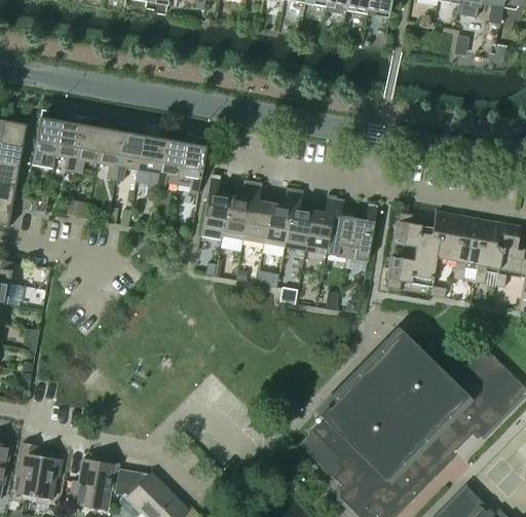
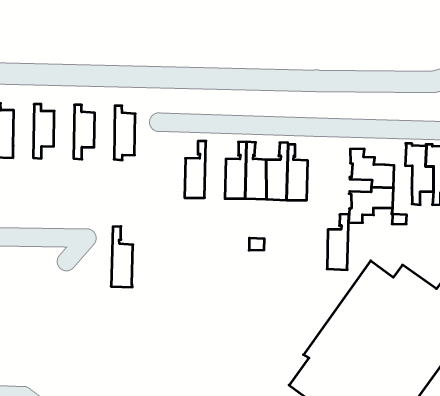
building: [55,116,83,172] -> none
building: [97,123,124,179] -> none
building: [138,131,165,186] -> none
building: [178,138,208,194] -> none
building: [200,175,229,239] -> [111,226,133,287]
building: [242,182,270,244] -> none
building: [346,205,377,262] -> [327,214,349,270]
building: [431,213,459,262] -> none

